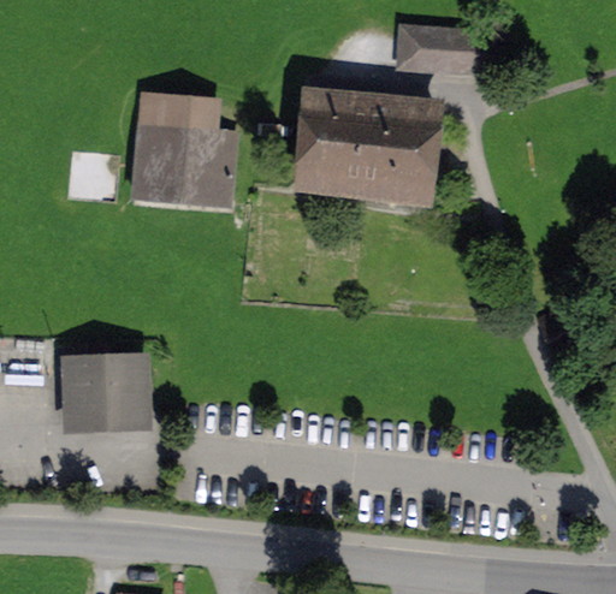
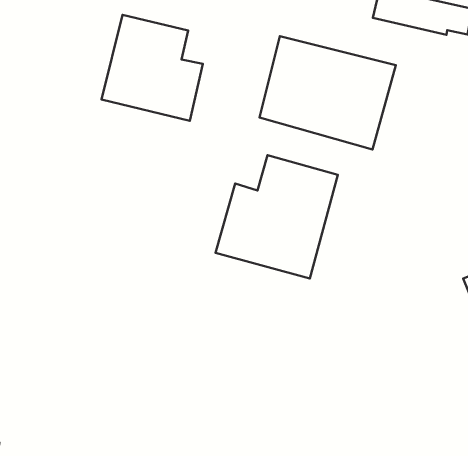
building: none -> [215,155,338,279]
building: [65,355,135,417] -> none

